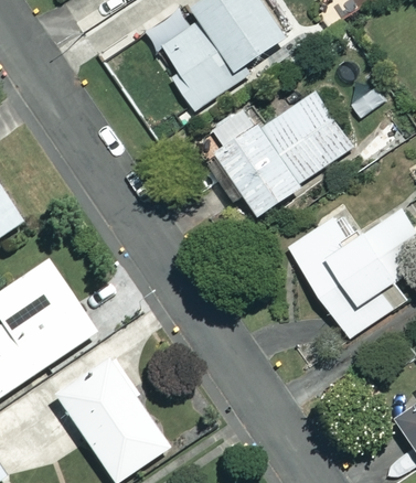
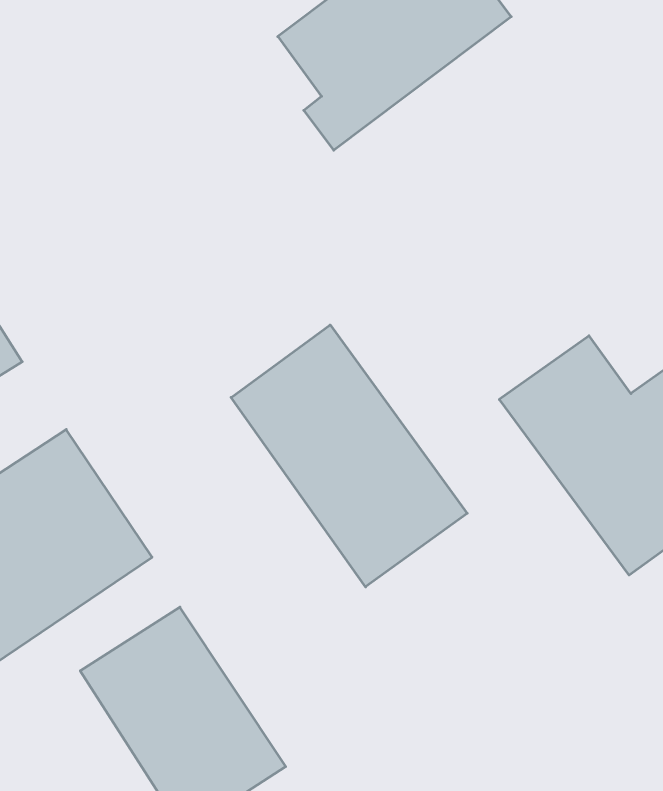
building: [213,92,355,212] -> none
building: none -> [231,325,467,587]

